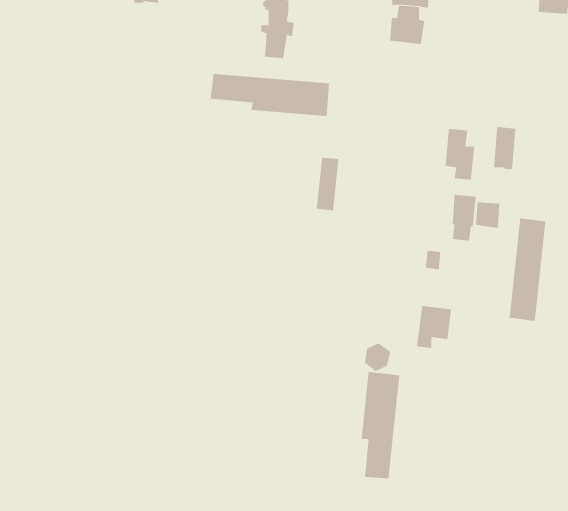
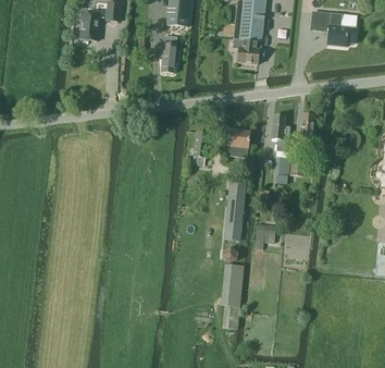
building: [210,73,330,117] -> none
building: none -> [226,128,249,156]
building: [509,218,546,321] -> [223,177,246,241]

